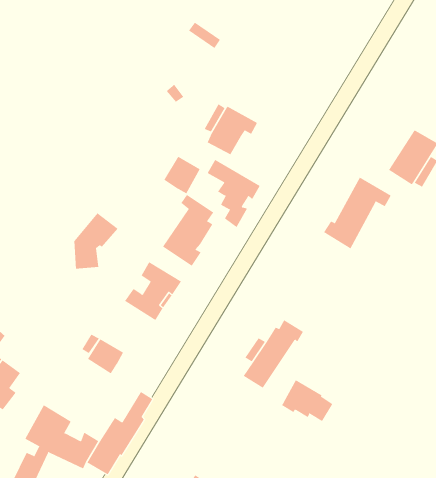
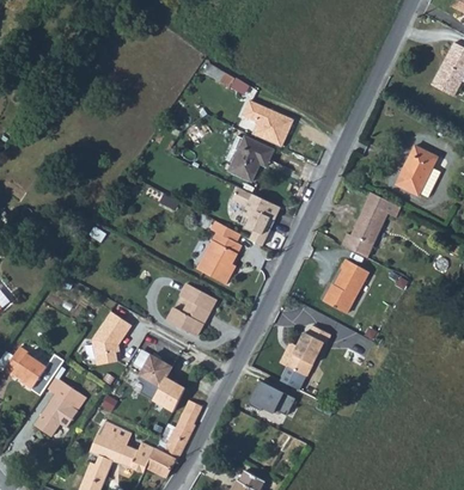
building: none -> [245,100,297,148]
building: [163,156,200,194] -> none
building: [74,212,119,269] -> [92,313,132,366]
building: none -> [324,259,368,313]
building: none -> [153,378,185,412]
building: [281,380,333,422] -> [246,378,293,414]

